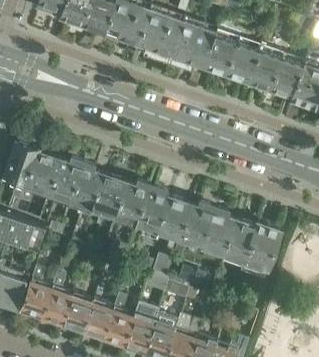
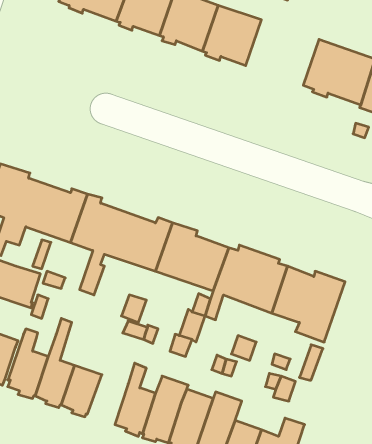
building: [204,30,260,80] -> none
building: [83,301,114,341] -> none

